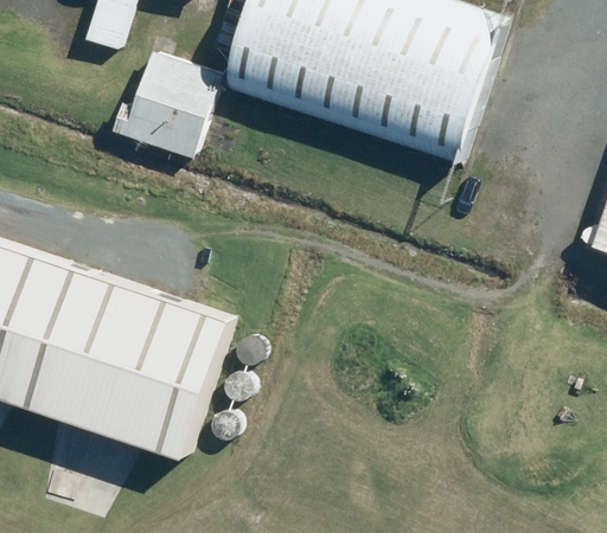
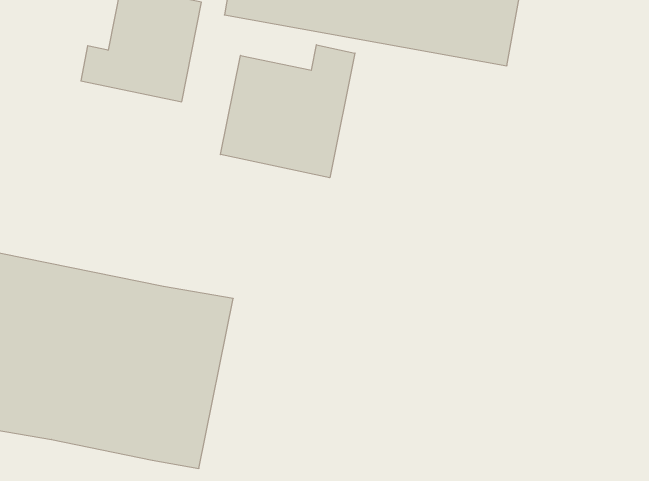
building: none -> [220,45,355,178]

